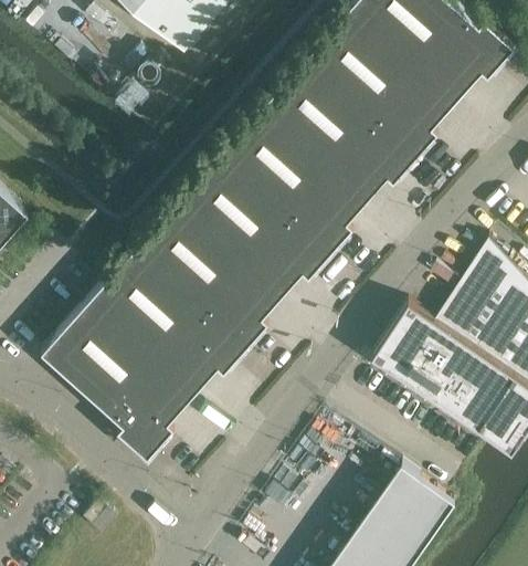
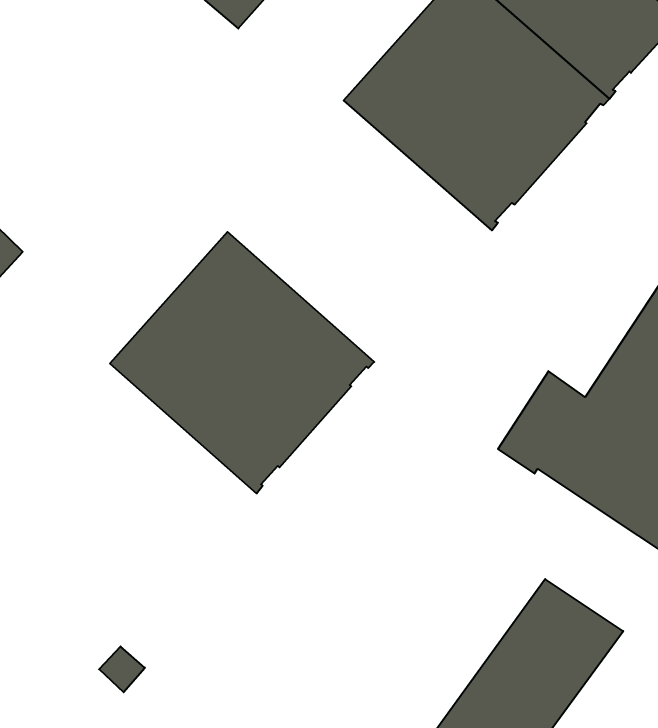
building: [178,111,369,300] -> none
building: [42,301,199,451] -> none

